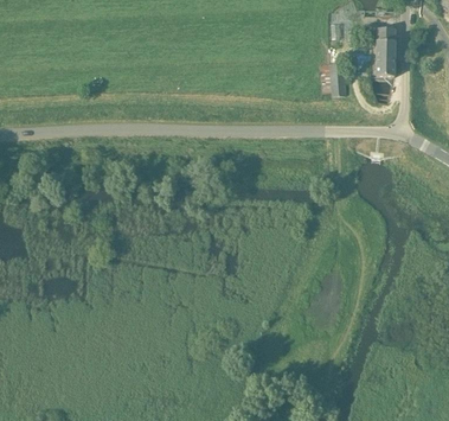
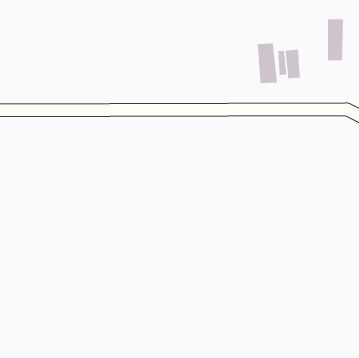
building: none -> [257,42,277,84]

